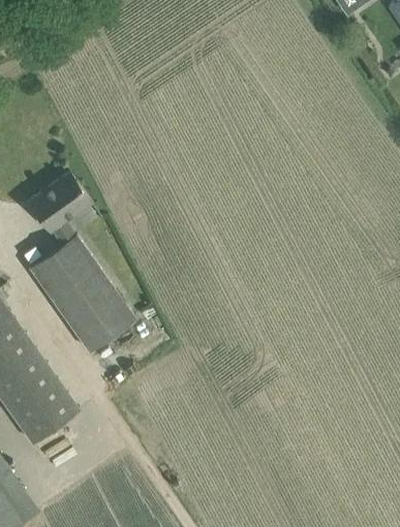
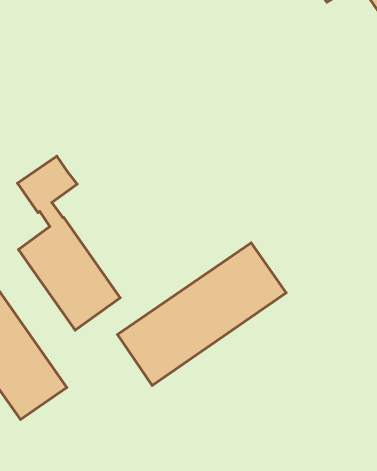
building: none -> [118,243,286,386]

